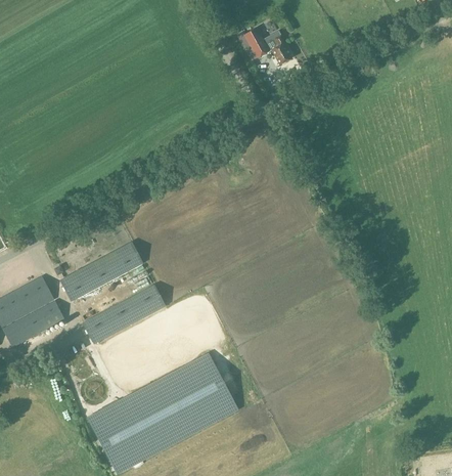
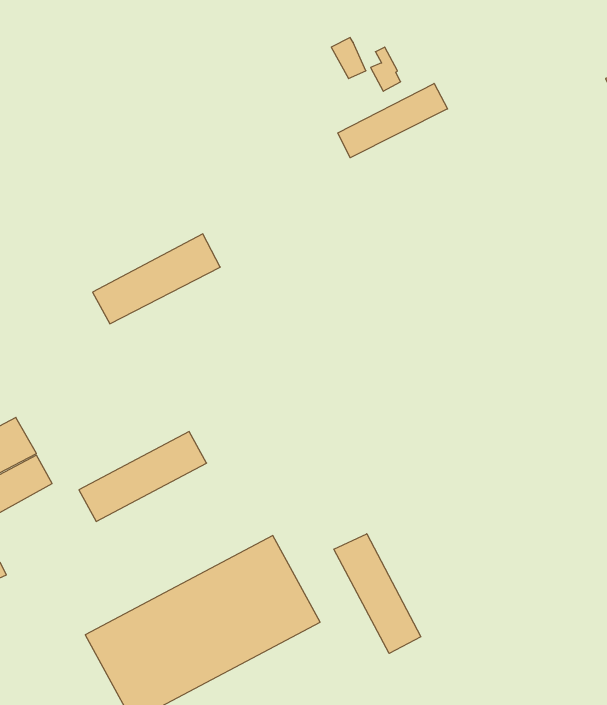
building: none -> [338,83,448,158]
building: [59,242,142,300] -> [93,234,220,324]
building: none -> [334,534,421,653]

